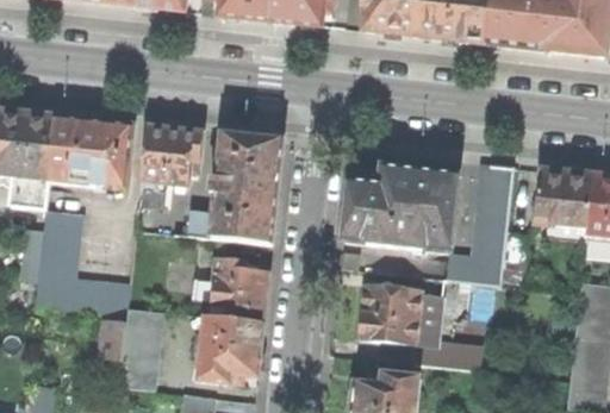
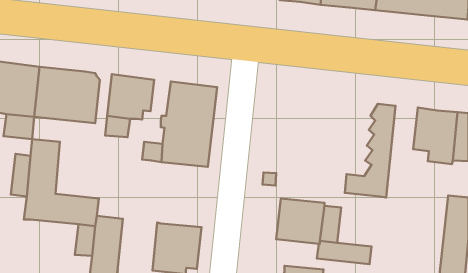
building: [344,164,460,249] -> none
building: [203,256,269,320] -> none

